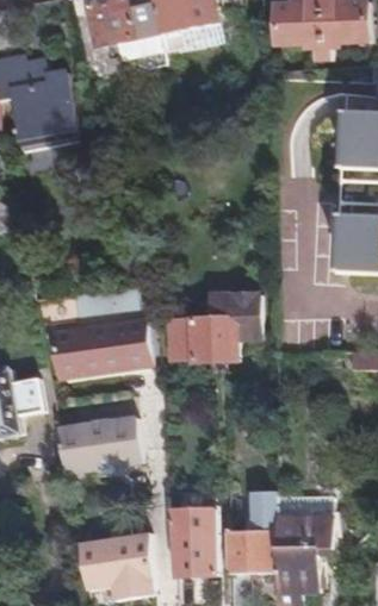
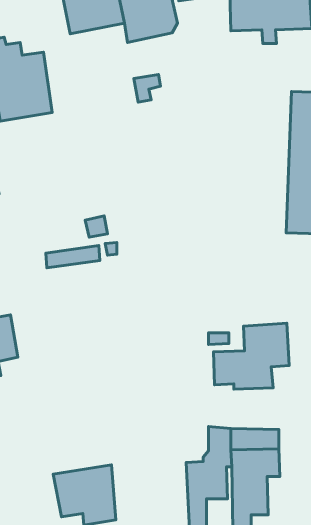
building: [171,287,255,361] -> [214,323,289,389]
building: [47,317,147,374] -> none
building: [56,413,140,473] -> none
building: [172,502,219,574] -> none

